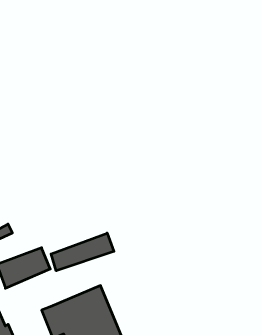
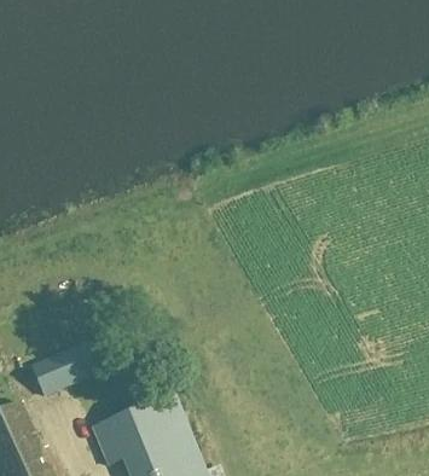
building: [51,233,114,271] -> none

